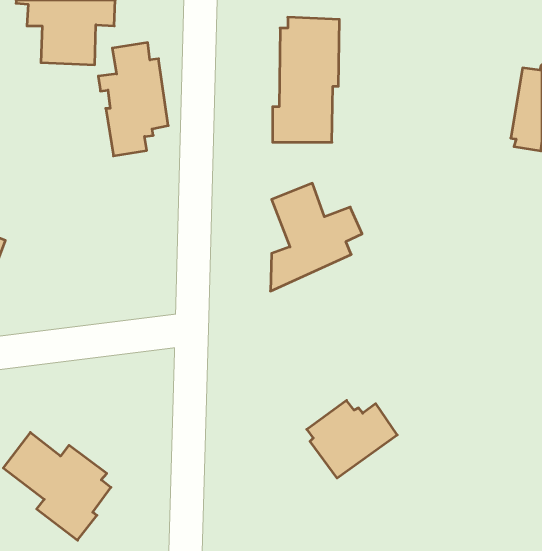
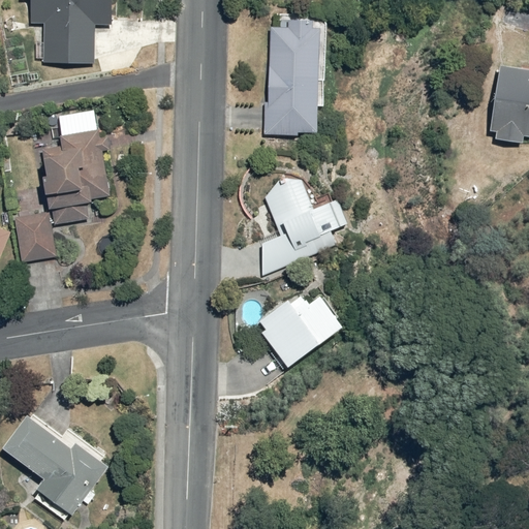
building: [98,43,168,156] -> [39,115,106,223]
building: none -> [10,208,53,262]
building: [307,400,397,478] -> [261,295,348,370]

